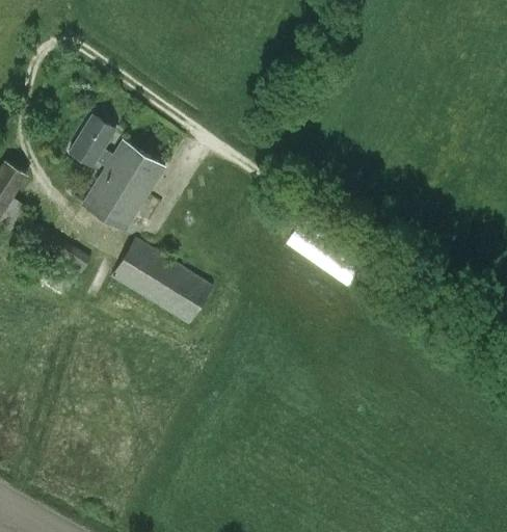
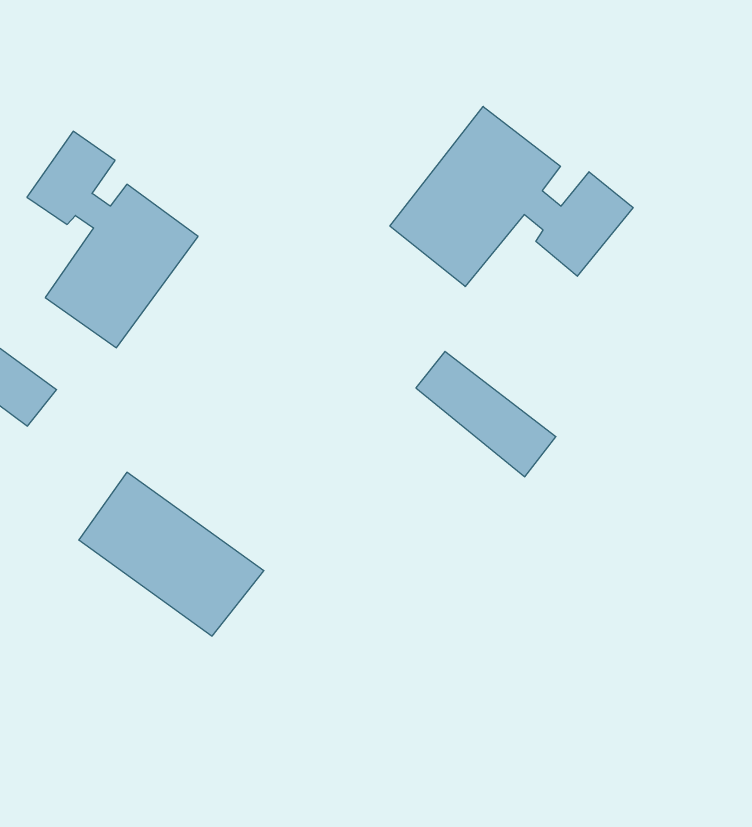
building: none -> [390,106,633,287]
building: [112,238,214,324] -> [79,472,264,636]

